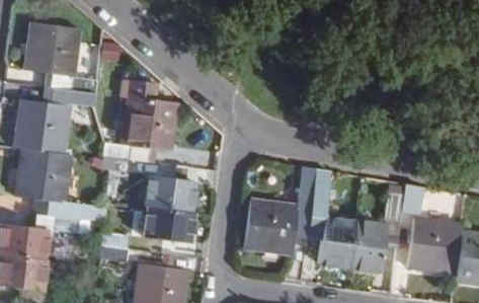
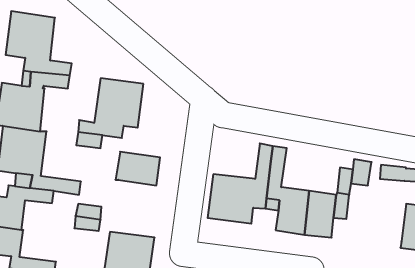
building: [145,206,192,241] -> none
building: [408,218,462,273] -> none

